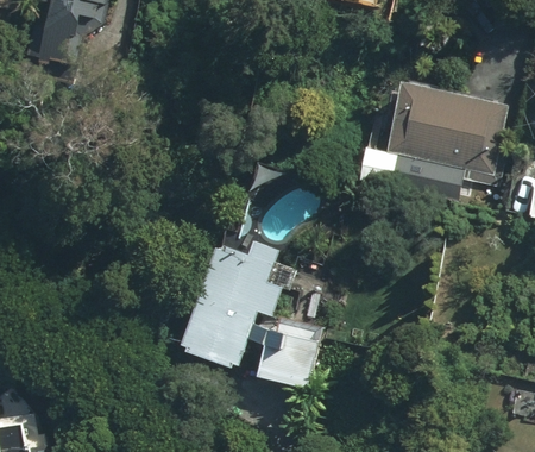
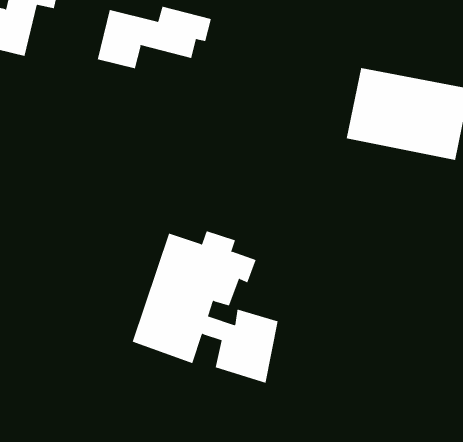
building: none -> [97,6,211,69]

